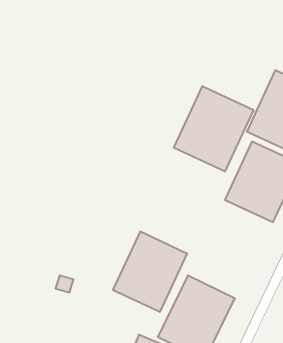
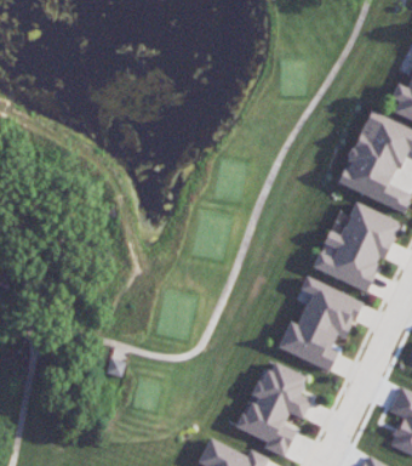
building: [174,86,254,172] -> none
building: [113,232,187,312] -> [274,277,364,374]

